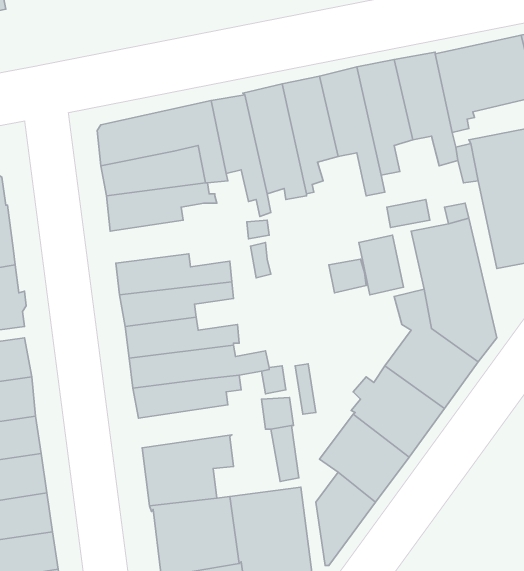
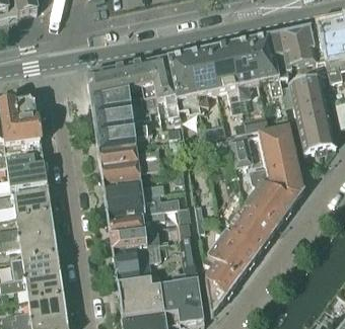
building: none -> [93,120,152,147]
building: none -> [109,224,159,247]

